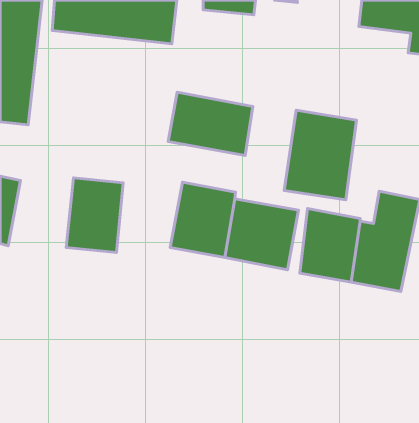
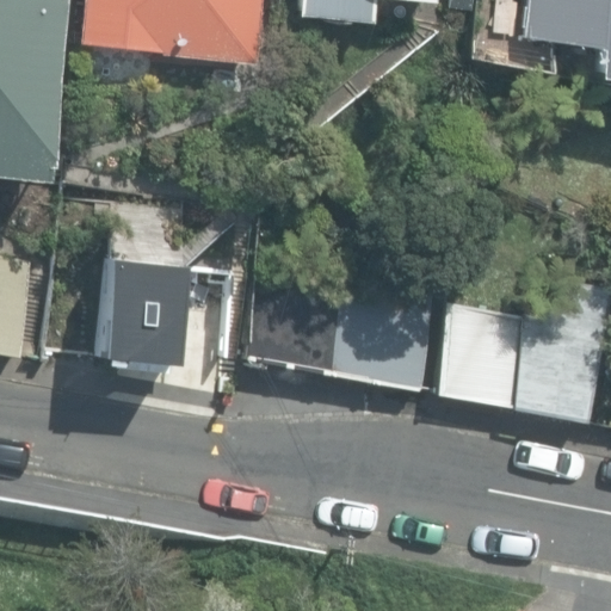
building: [168,92,253,155] -> none
building: [284,110,357,200] -> none

